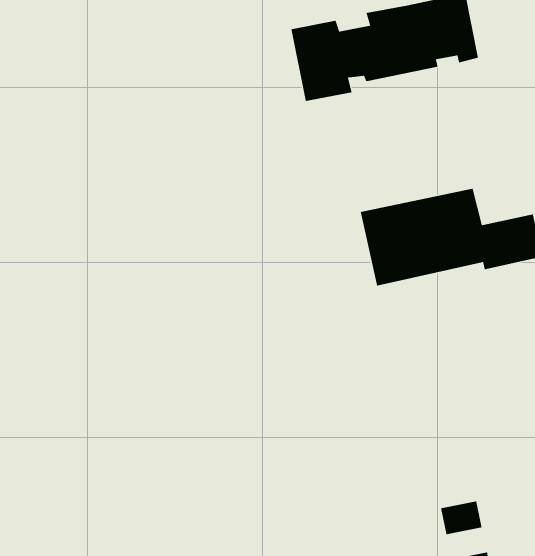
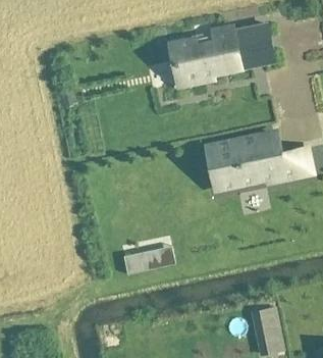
building: none -> [122,246,174,273]

